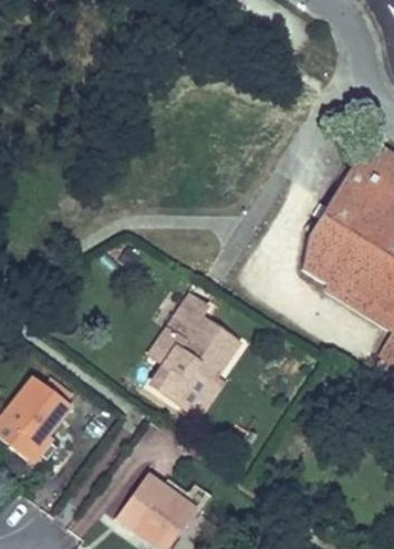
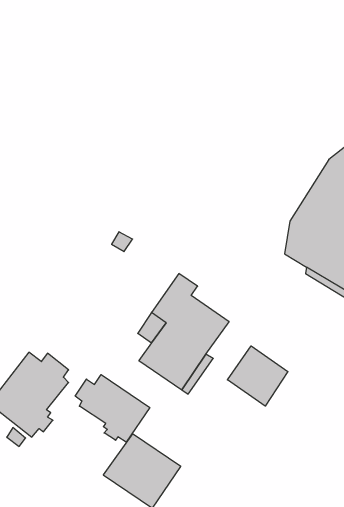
building: none -> [227,346,288,406]
building: none -> [75,375,150,442]

